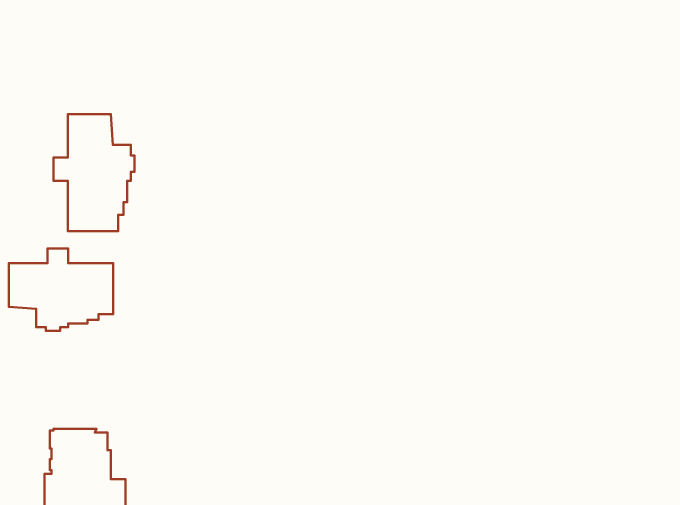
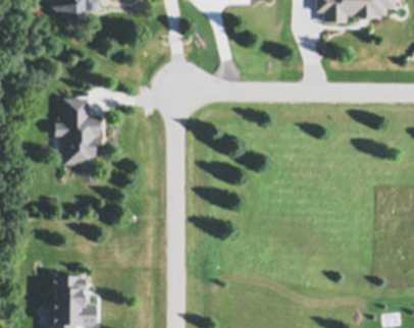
building: [9,249,113,331] -> none

